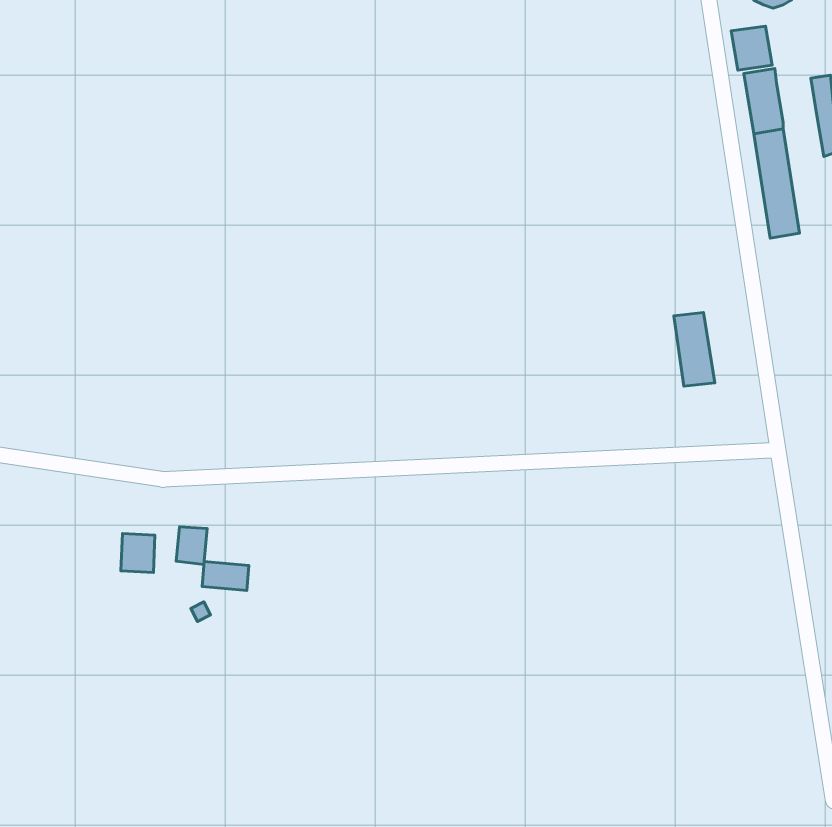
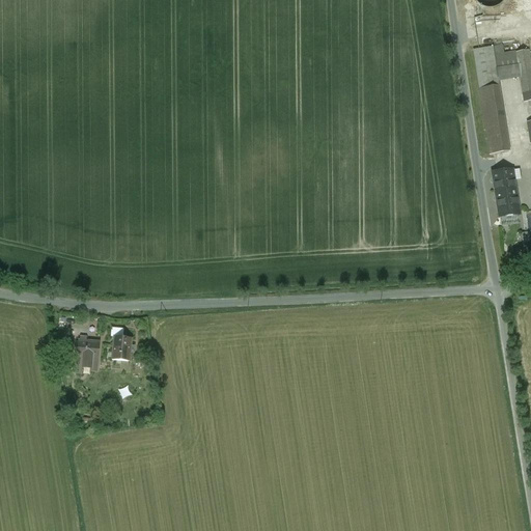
building: [731,26,772,70] -> [495,50,521,78]
building: [674,313,715,386] -> [494,167,520,214]
building: [202,562,249,591] -> none

